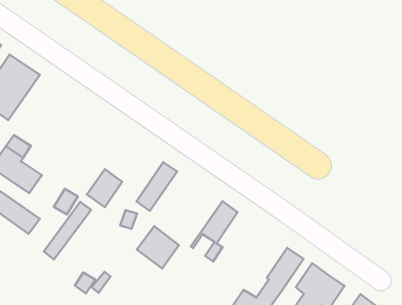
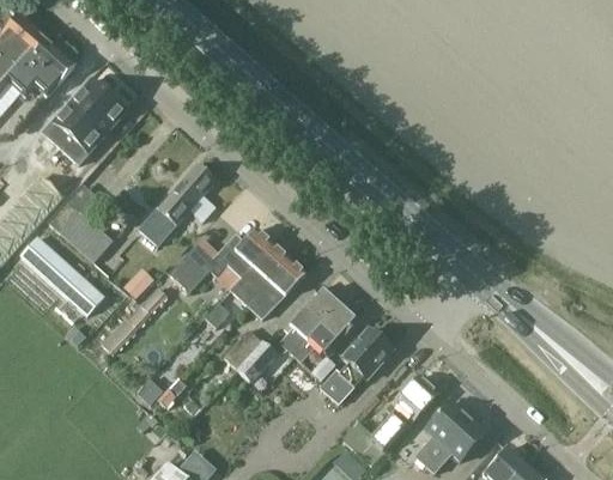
building: none -> [141,164,218,245]
building: none -> [216,227,272,278]
building: none -> [247,257,305,318]
building: none -> [280,286,342,357]
building: none -> [320,327,394,401]

